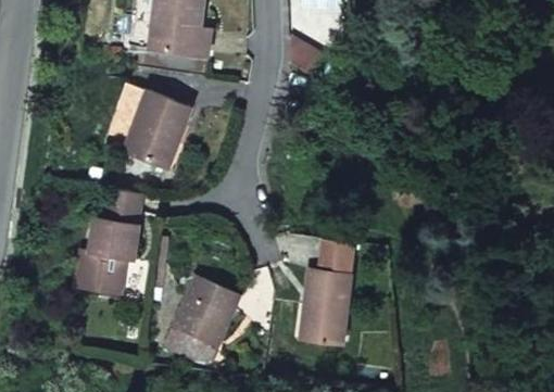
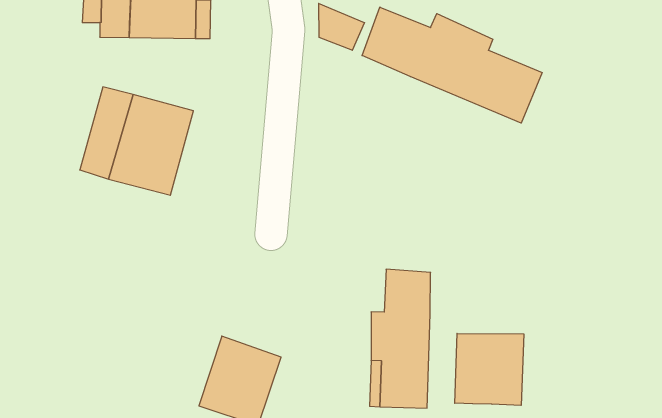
building: none -> [362,7,542,123]
building: [75,192,141,295] -> none
building: none -> [455,333,524,405]

